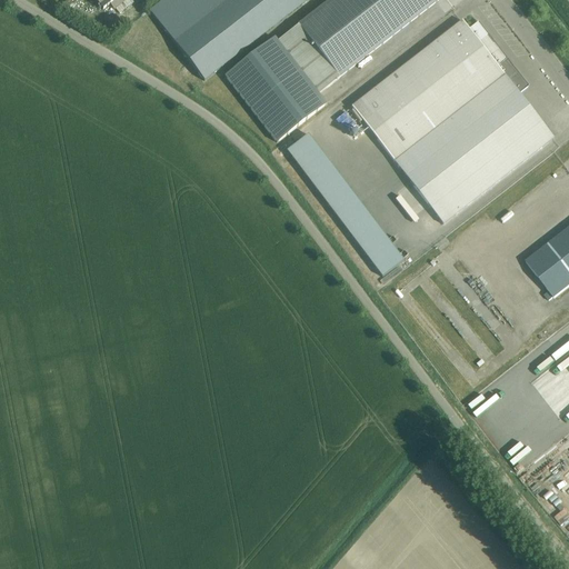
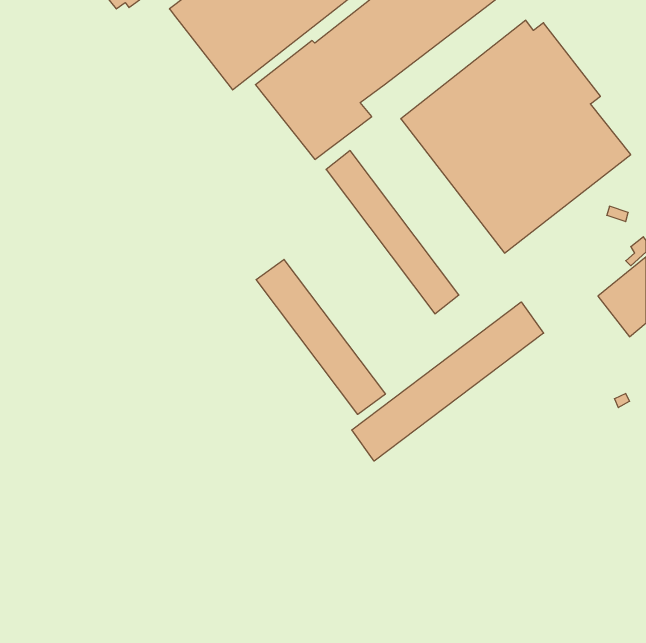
building: none -> [256,259,385,414]
building: none -> [352,302,544,461]

